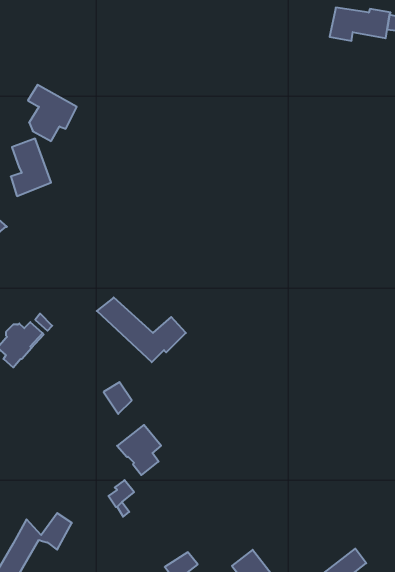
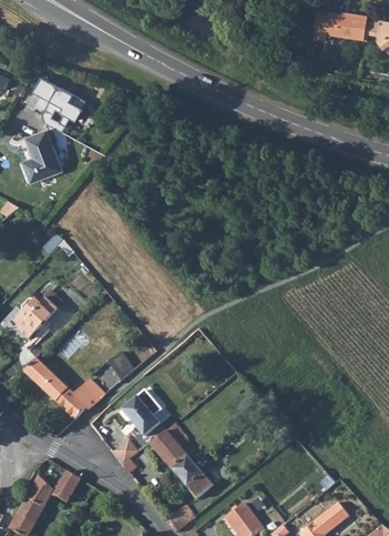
building: [97,297,186,362] -> [23,358,104,417]
building: none -> [149,422,212,497]

